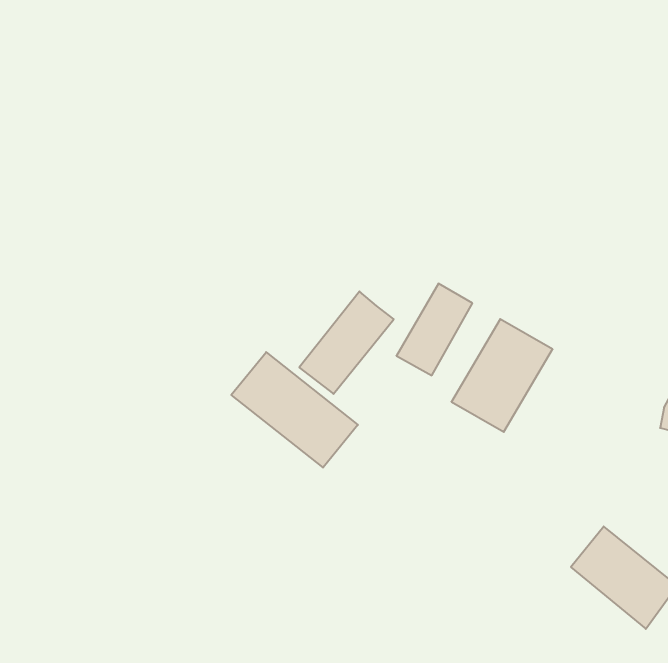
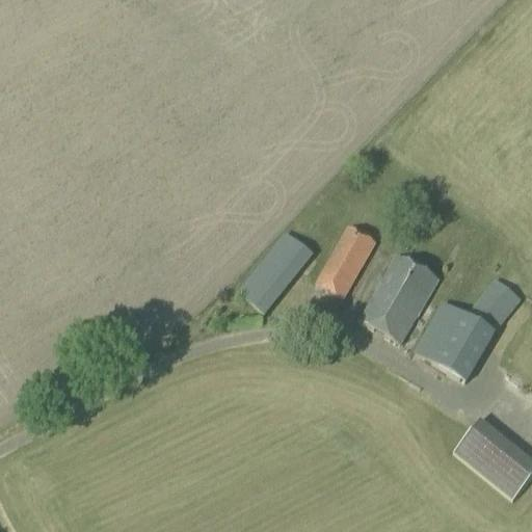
building: none -> [416,278,520,380]
building: [231,352,358,468] -> none

